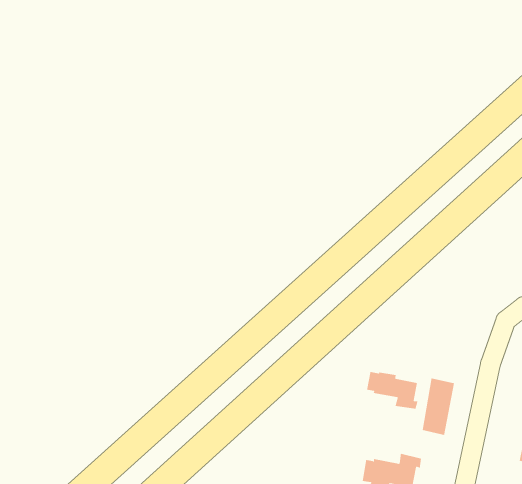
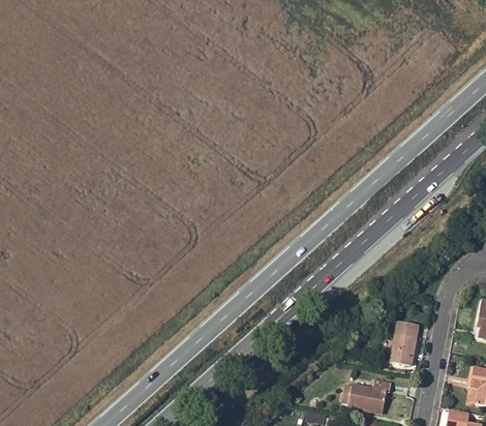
building: [366,371,418,410] -> none

